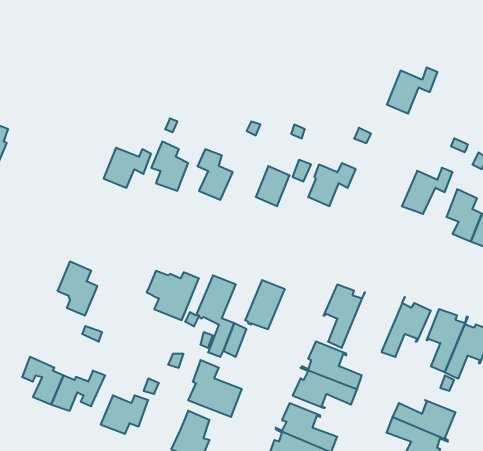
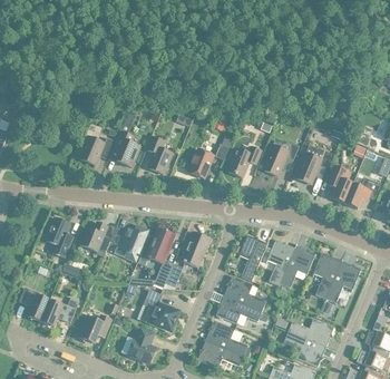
building: [387,67,437,114] -> [262,143,299,176]
building: none -> [79,222,110,253]
building: none -> [265,240,296,286]

